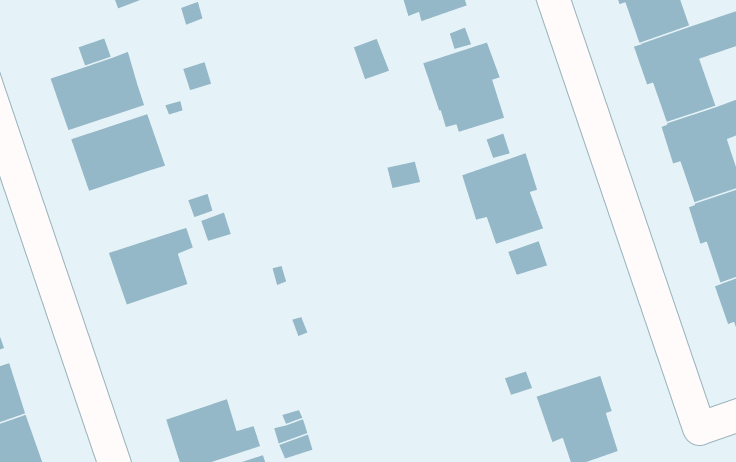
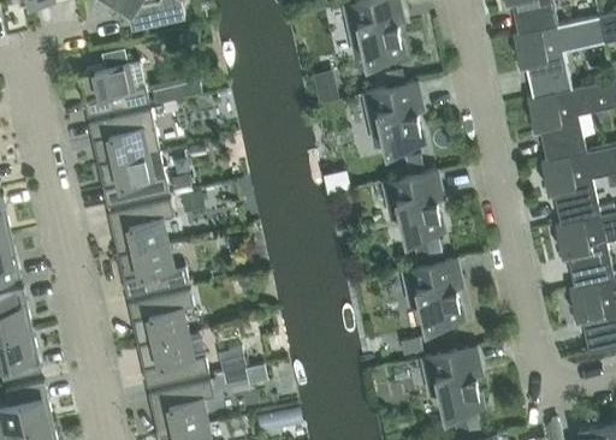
building: none -> [99,151,170,207]
building: none -> [404,260,463,327]
building: none -> [118,244,189,297]
building: none -> [129,290,195,345]

